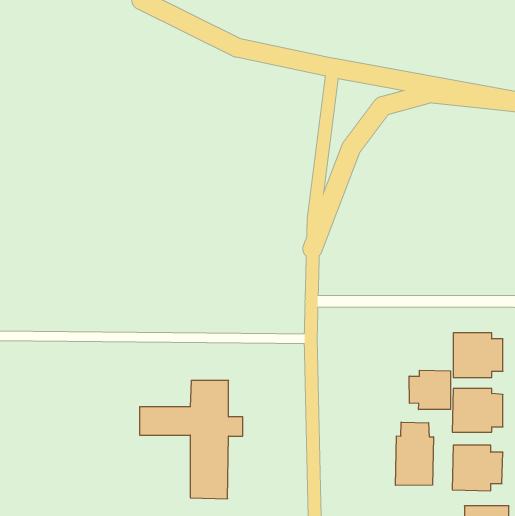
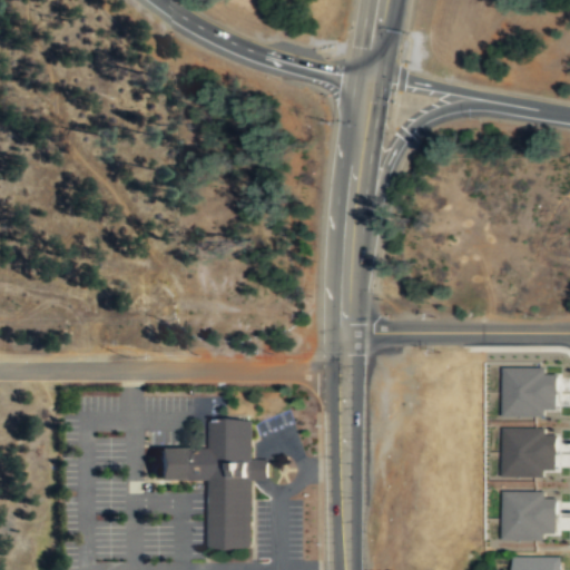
building: [409,370,451,410] -> none
building: [395,422,433,485] -> none

